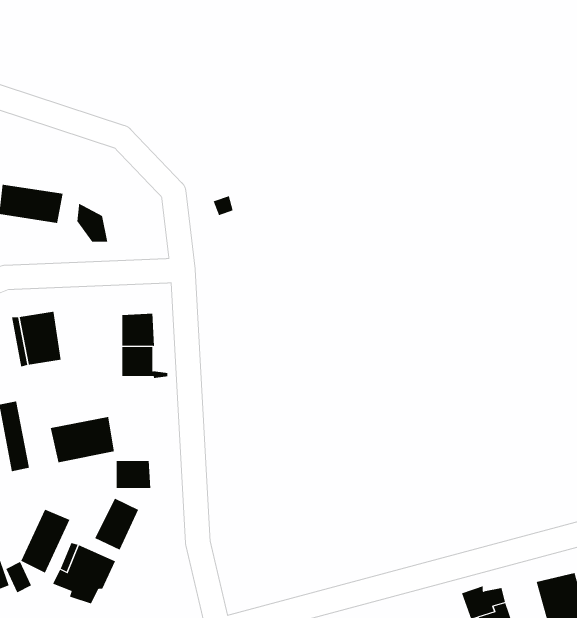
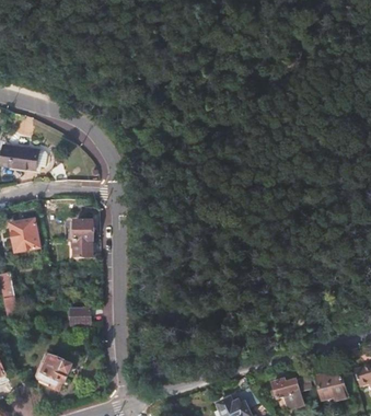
building: [50,416,115,463] -> none
building: [94,498,139,551] -> none
building: [21,509,70,574] -> none

